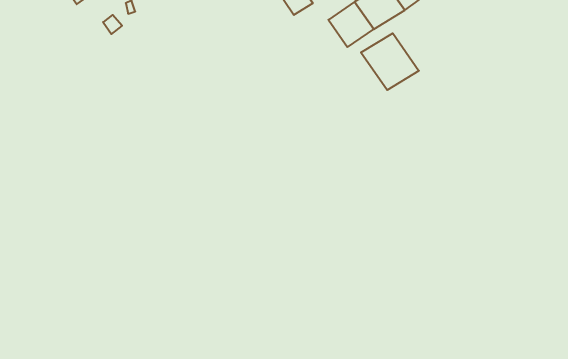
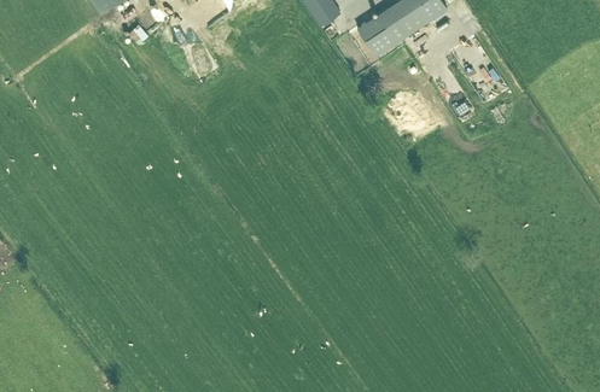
building: [361,33,419,90] -> none

